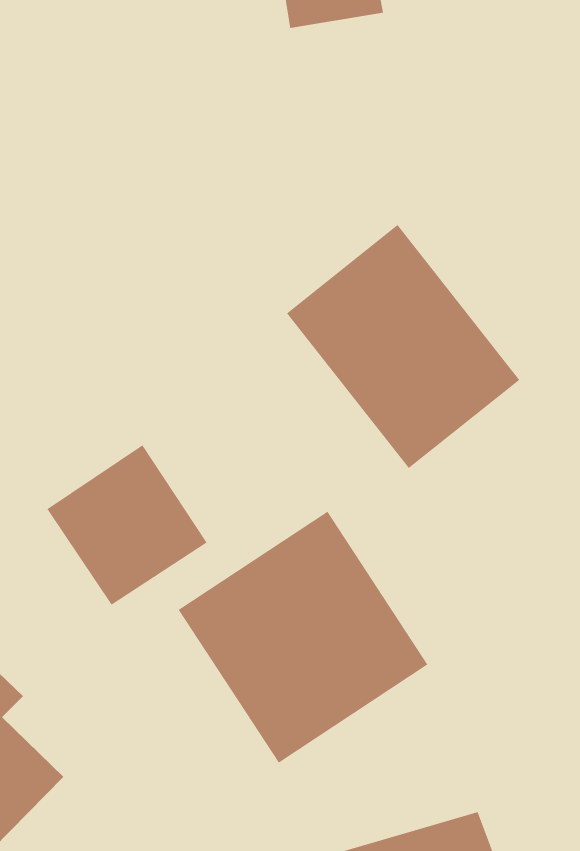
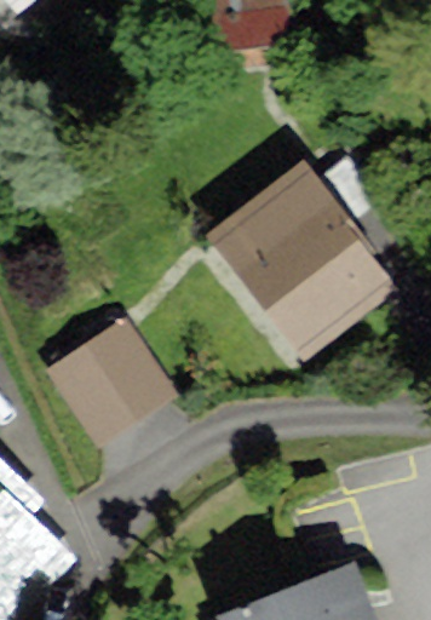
building: [178,511,428,764] -> none

